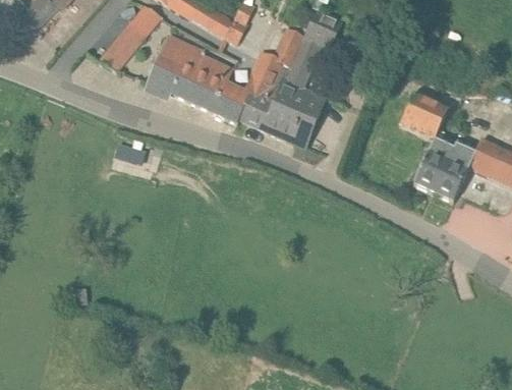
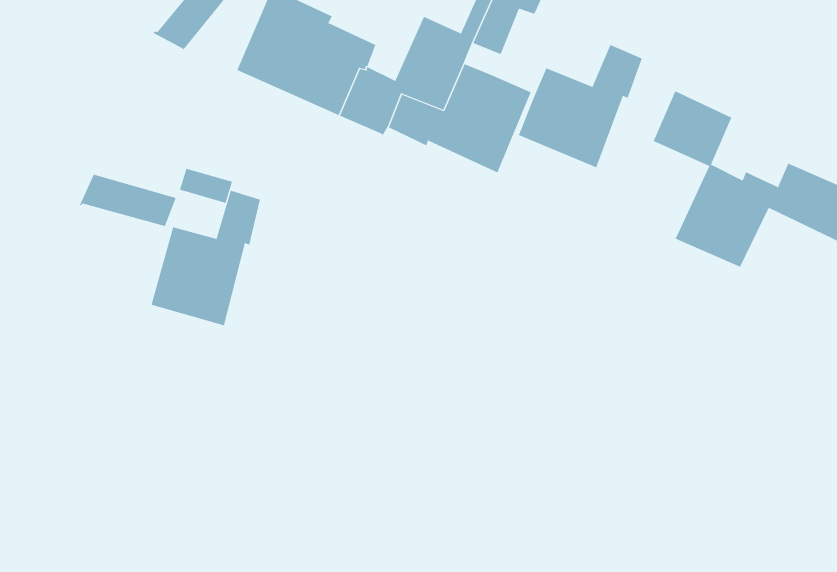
building: none -> [518,44,642,168]
building: none -> [79,174,177,227]
building: none -> [151,190,261,326]

